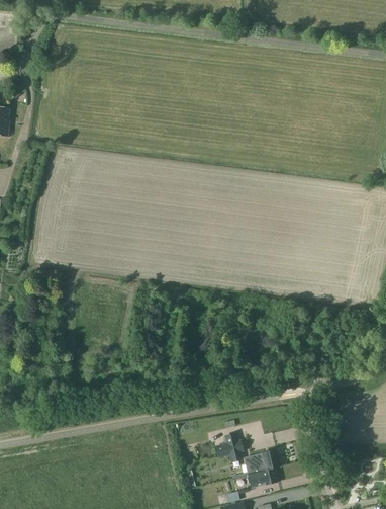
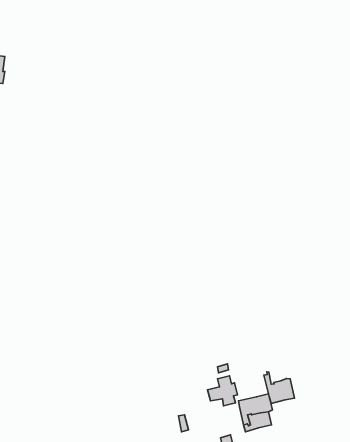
building: none -> [264,372,295,403]

